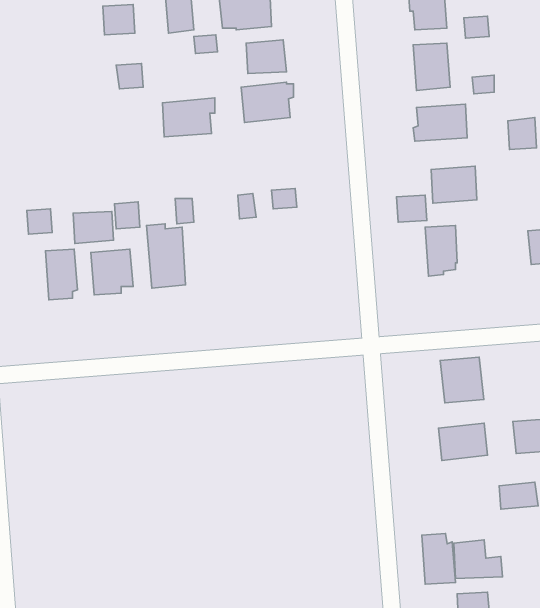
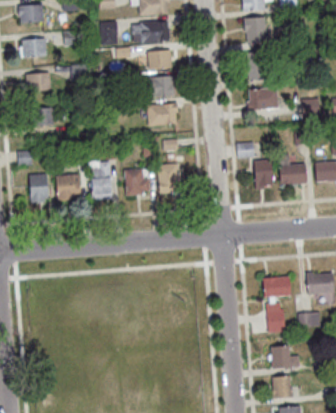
building: none -> [22,38,47,58]
building: none -> [26,73,51,92]
building: [163,98,215,137] -> [147,102,178,125]
building: [431,166,477,203] -> [280,163,307,185]
building: [73,211,114,244] -> [30,107,54,126]
building: none -> [157,163,179,192]
building: none -> [124,167,150,195]
building: [440,357,484,403] -> none
building: [422,534,456,584] -> [266,302,286,332]

